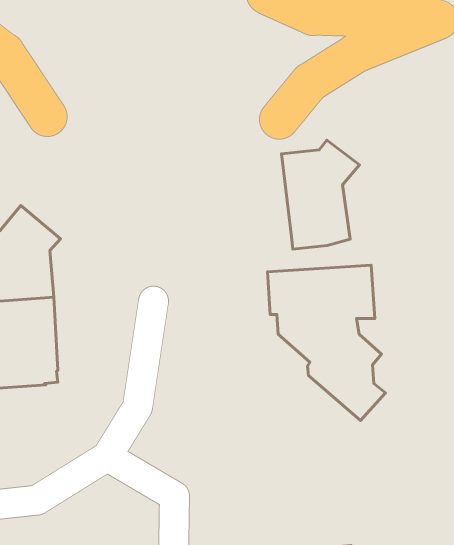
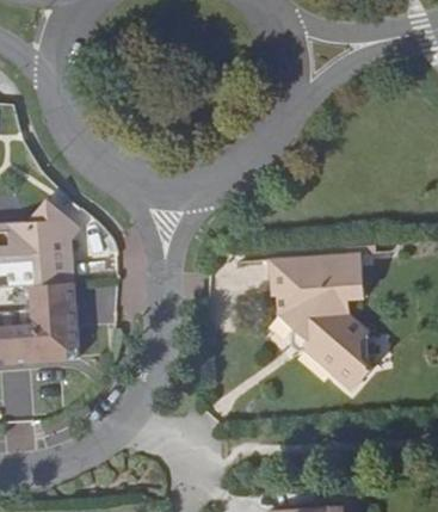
building: [281,140,359,249] -> none

